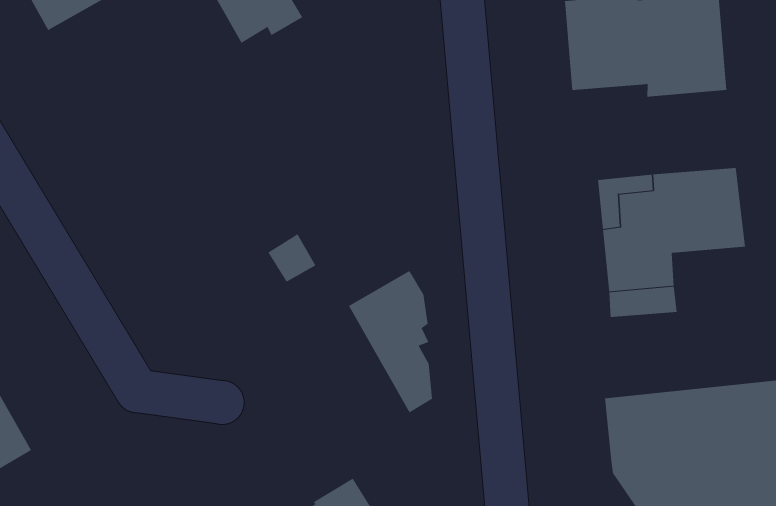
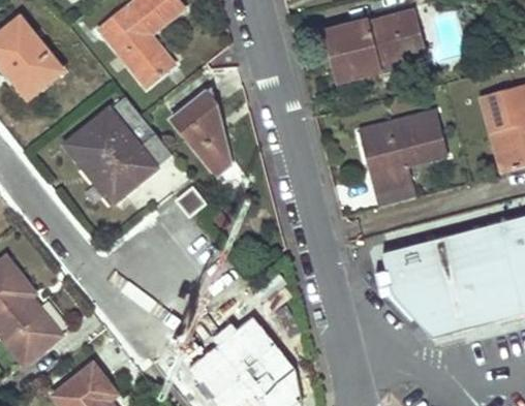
building: none -> [64,108,156,198]
building: [348,270,433,413] -> [174,93,230,175]

